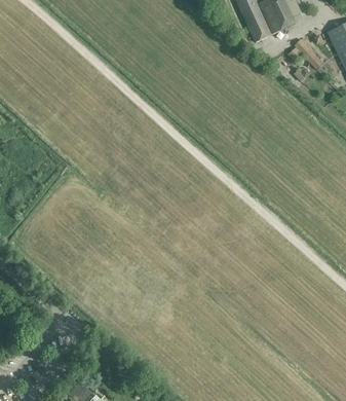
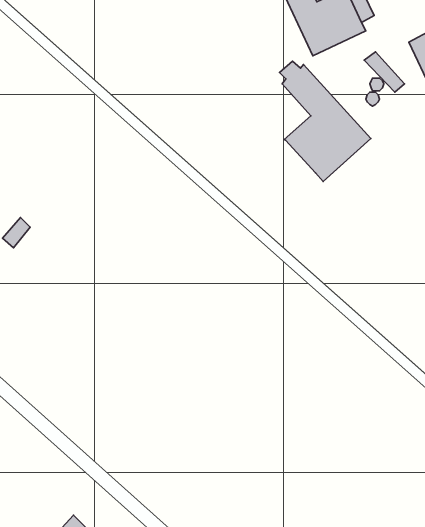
building: none -> [279,61,371,181]

